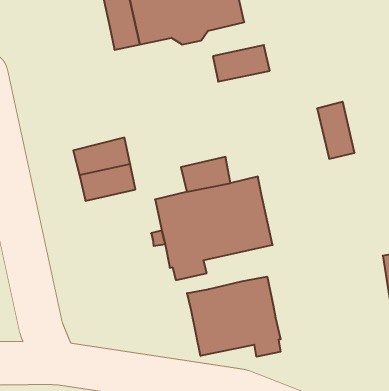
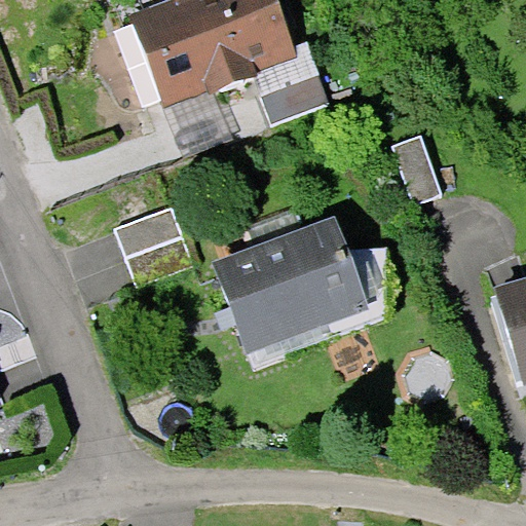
building: [187,277,281,357] -> none

